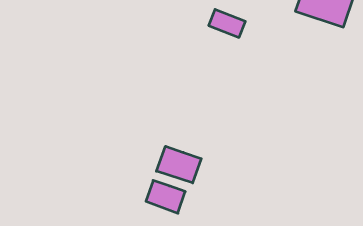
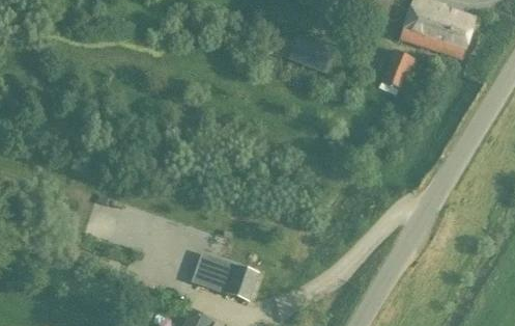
building: none -> [378,50,414,91]
building: [156,146,201,183] -> none

